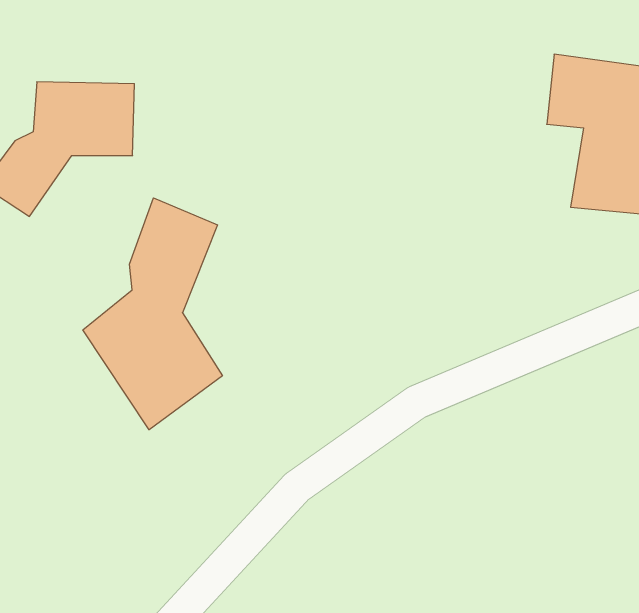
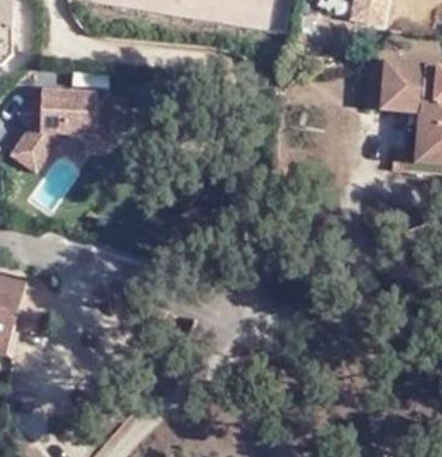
building: [83,198,222,430] -> none

